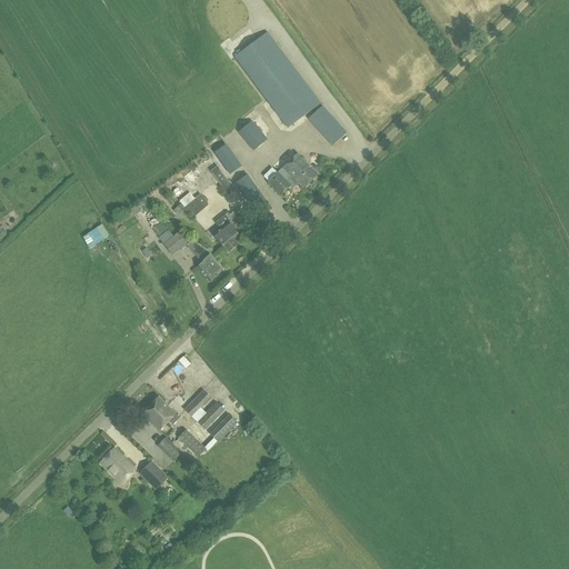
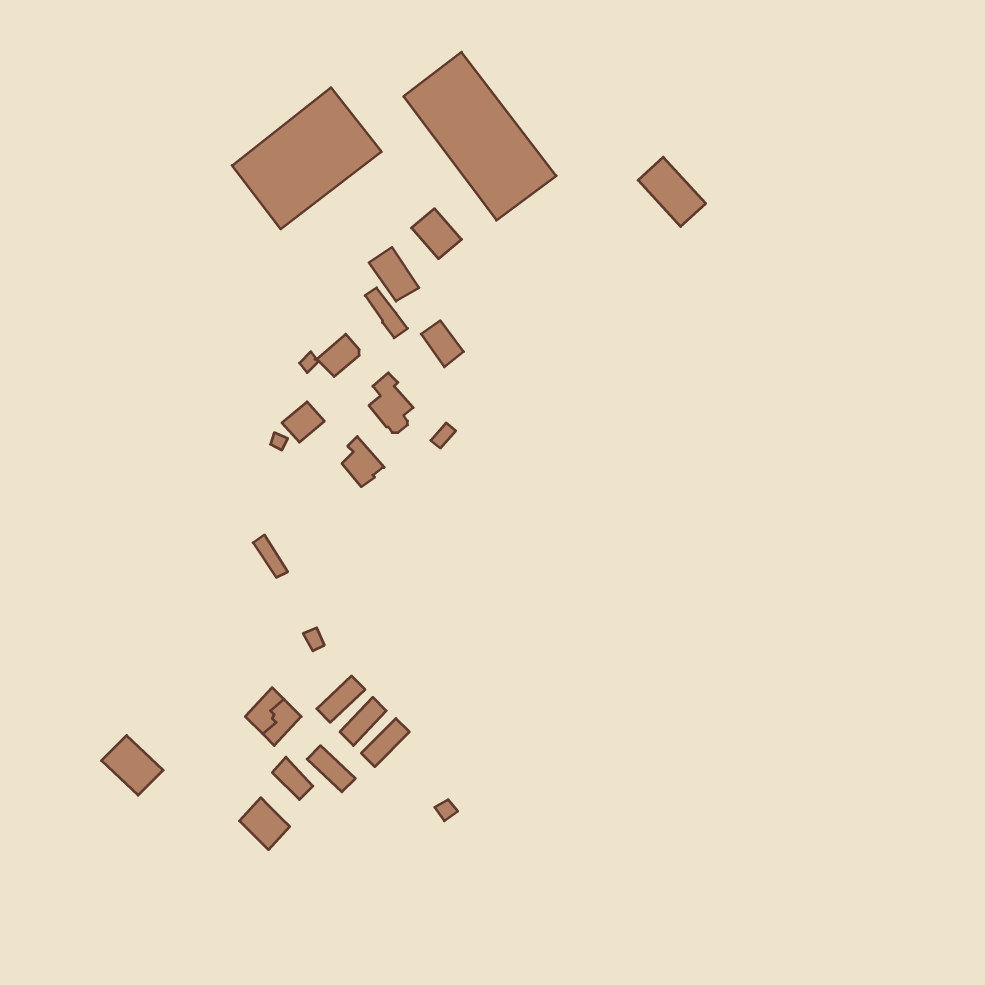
building: none -> [232,88,381,229]
building: [307,104,346,144] -> [638,157,706,227]
building: [267,152,317,194] -> none
building: [99,448,134,482] -> [101,735,163,795]

